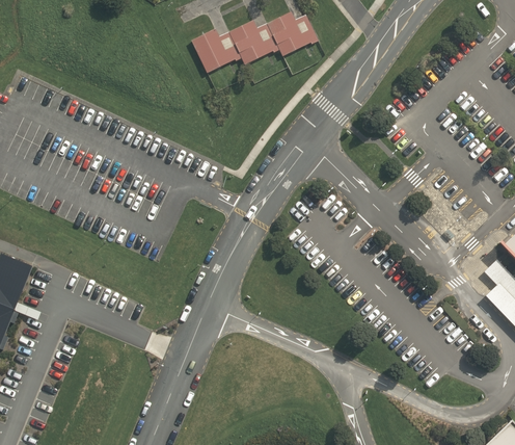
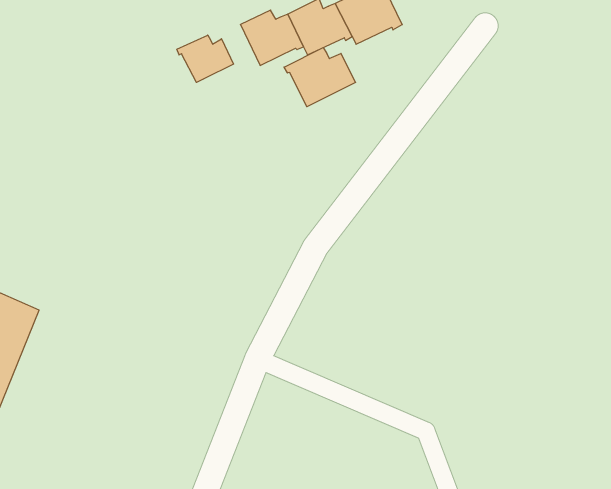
building: none -> [177,35,234,82]
building: none -> [284,48,356,107]

